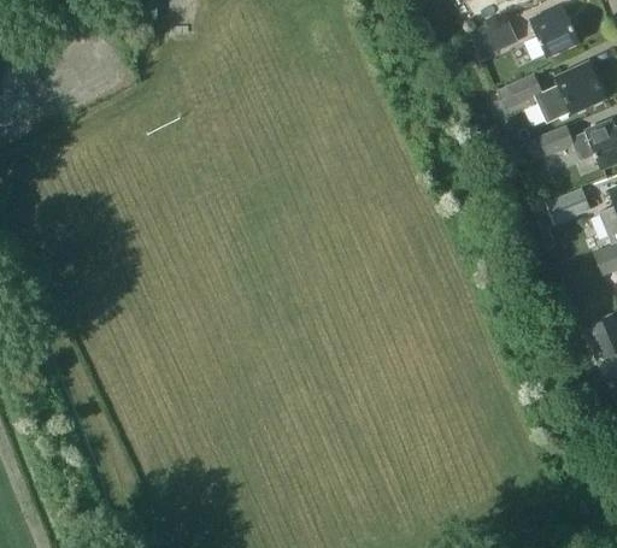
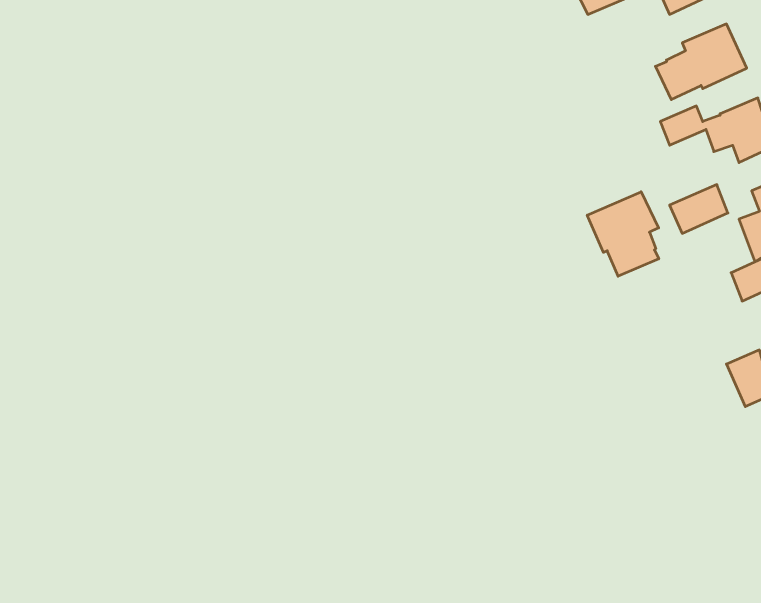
building: [498,72,543,110] -> none
building: none -> [587,192,659,276]

